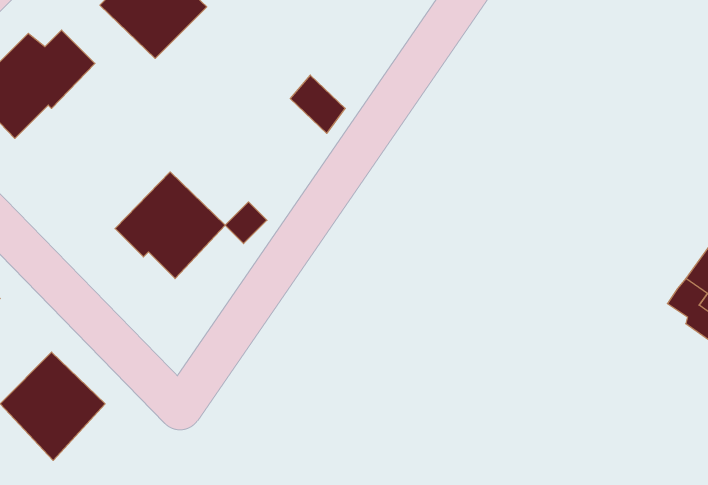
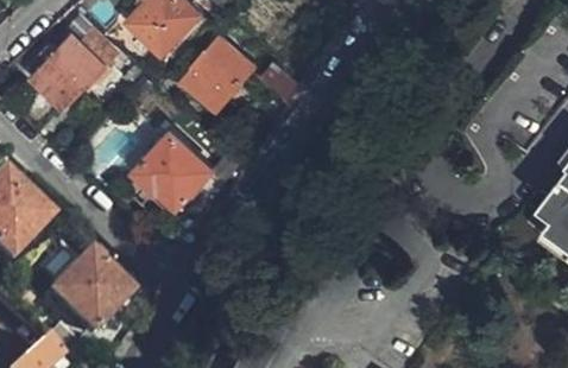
building: none -> [182,42,247,109]

